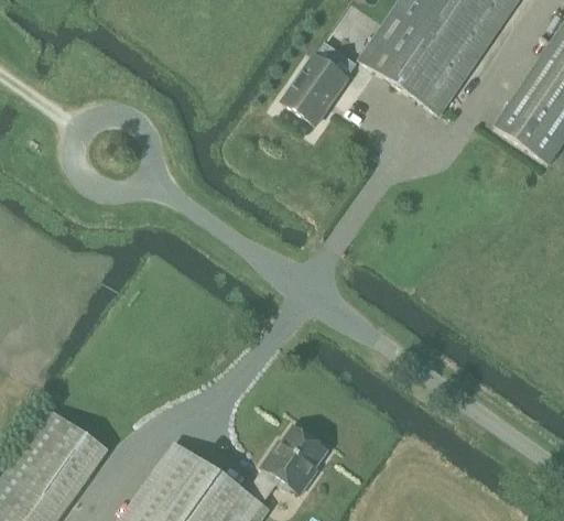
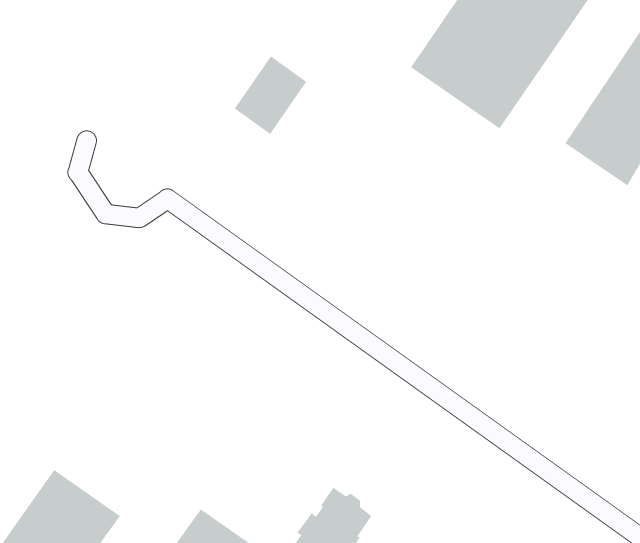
building: [283,55,347,124] -> [234,55,307,135]

